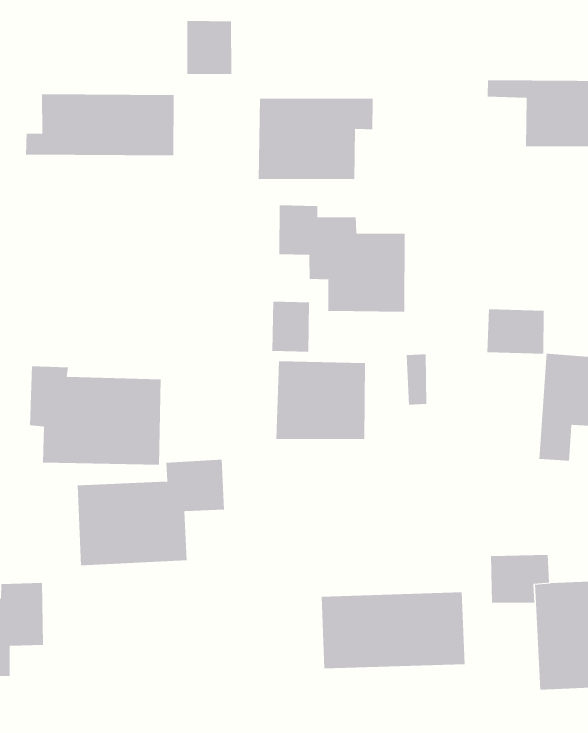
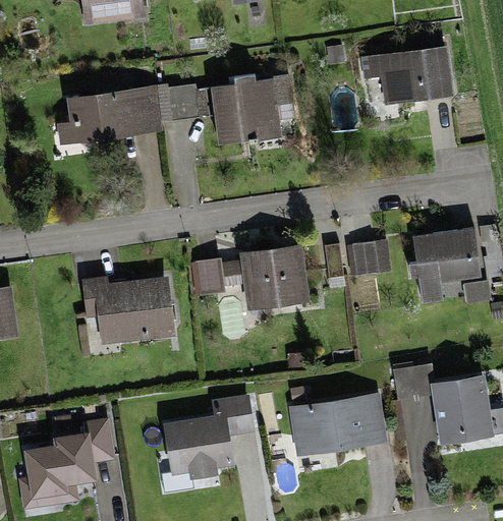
building: [186,21,232,74] -> [166,86,200,124]
building: [279,204,405,312] -> none
building: [271,301,310,352] -> [198,256,225,291]
building: [486,309,544,354] -> [352,241,392,273]
building: [77,459,225,566] -> [158,396,256,475]

